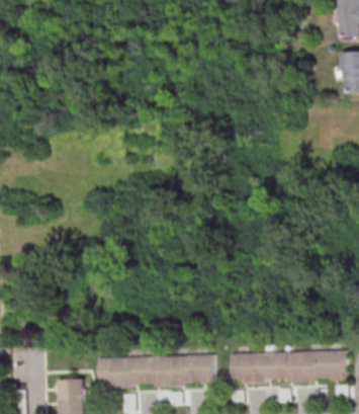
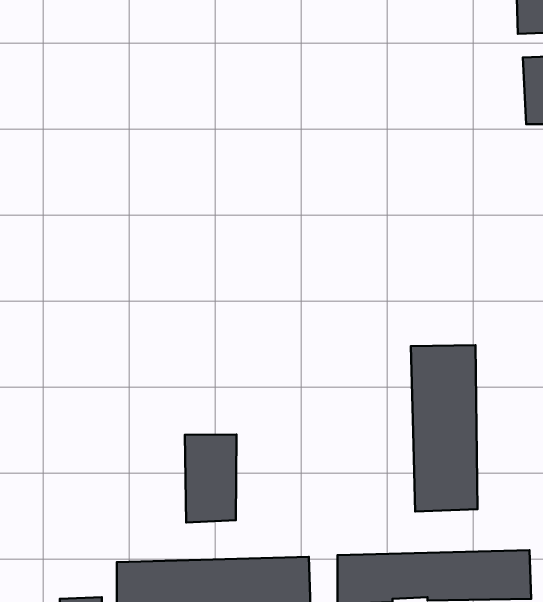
building: none -> [411,345,477,512]
building: none -> [185,435,237,522]

